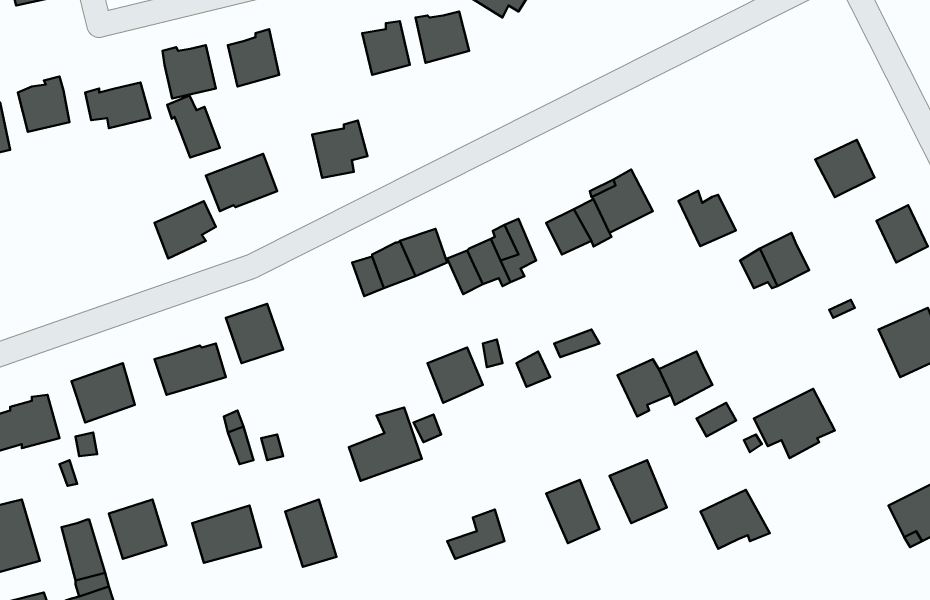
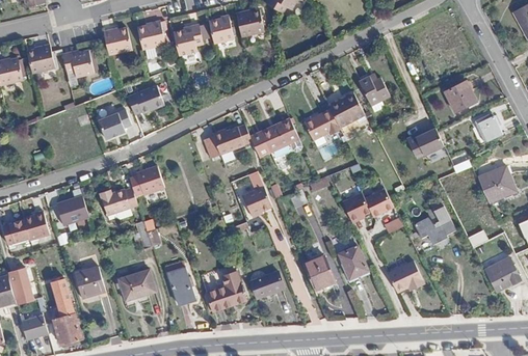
building: [167,96,220,157] -> none
building: [312,121,368,178] -> [174,25,203,55]
building: [678,191,736,246] -> [354,77,385,106]
building: [349,408,422,481] -> [207,273,245,311]

